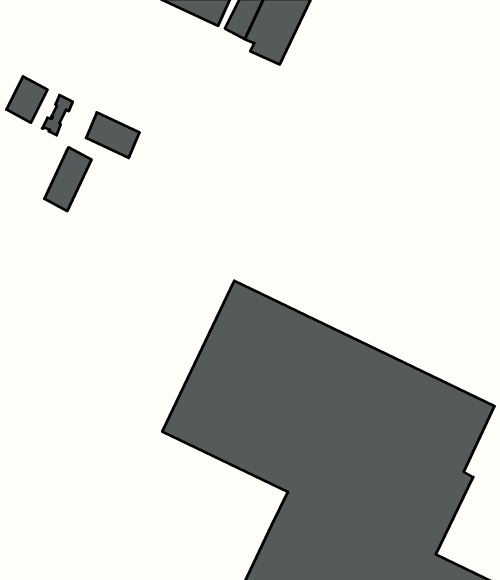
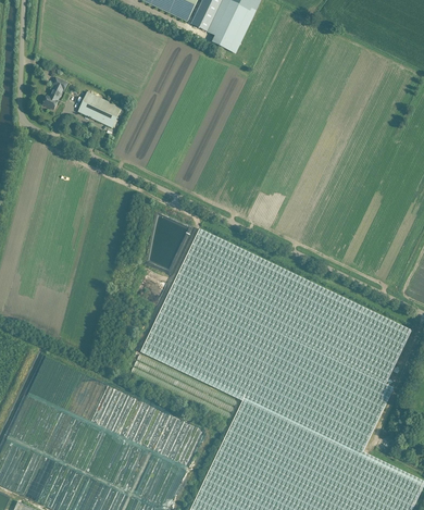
building: [6,76,47,123] -> none
building: [44,147,91,211] -> none

